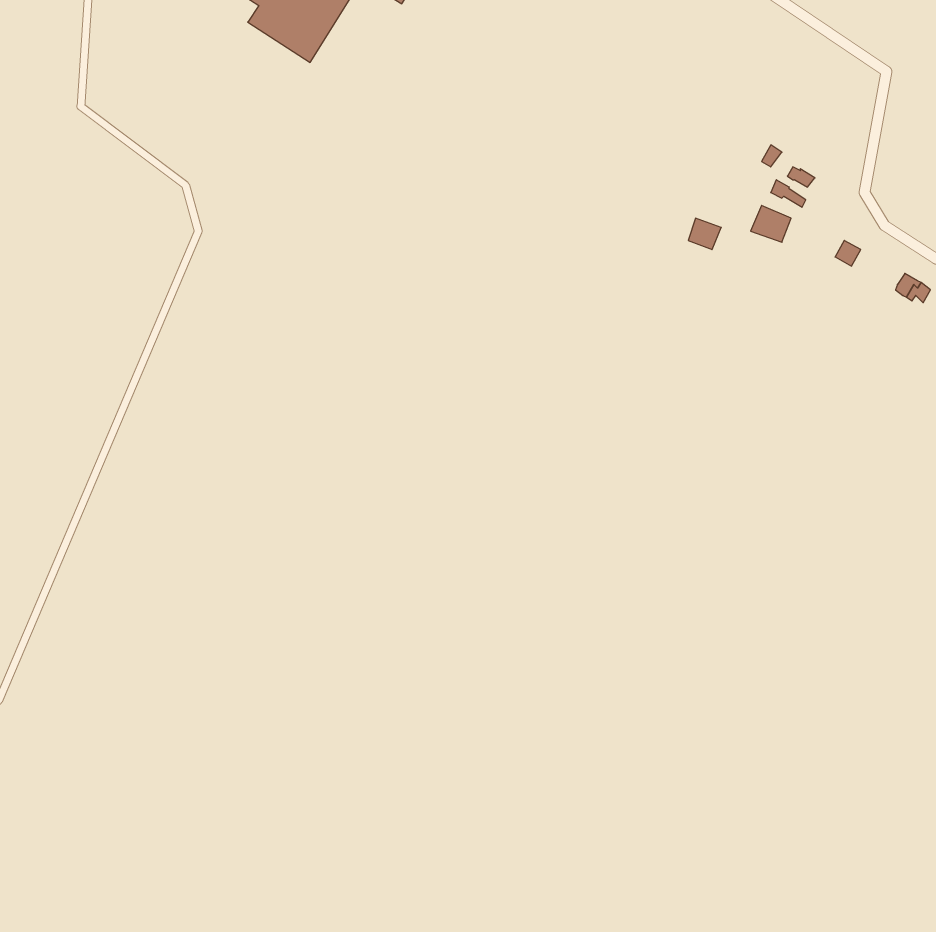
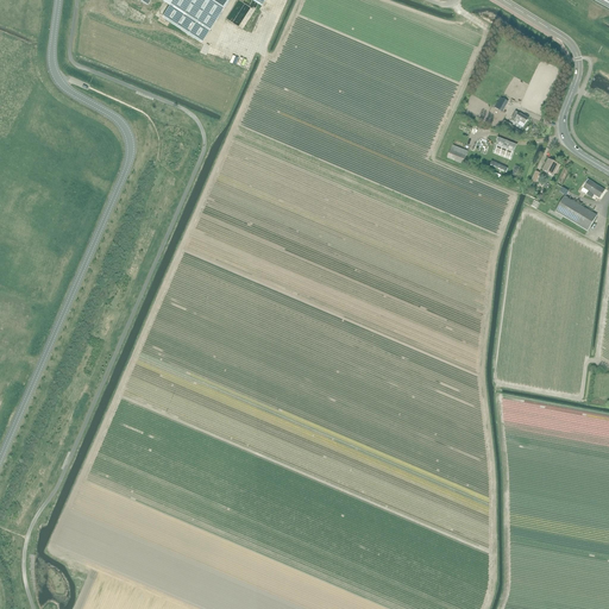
building: none -> [554,193,596,228]

